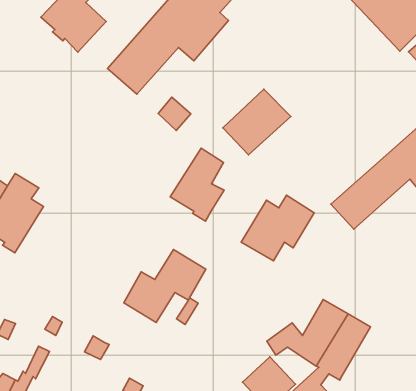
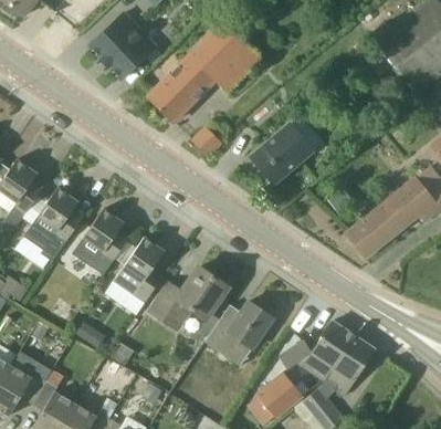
building: [170,148,224,221] -> [113,237,164,304]
building: none -> [83,209,126,269]
building: [241,195,314,261] -> [203,301,272,360]

